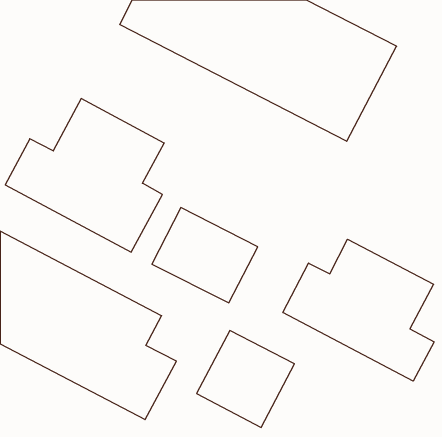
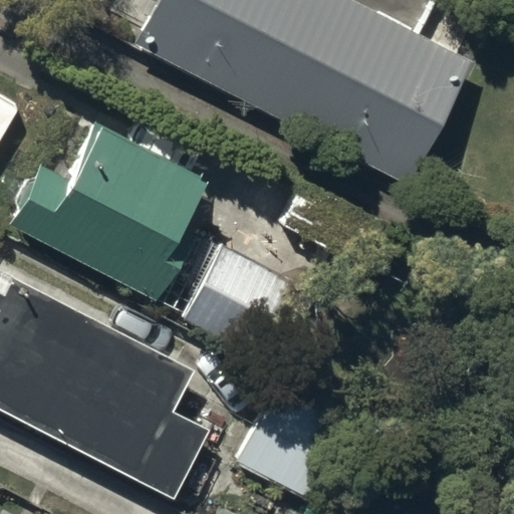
building: [283,239,434,381] -> none

